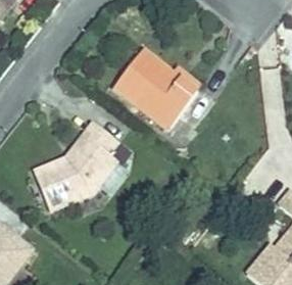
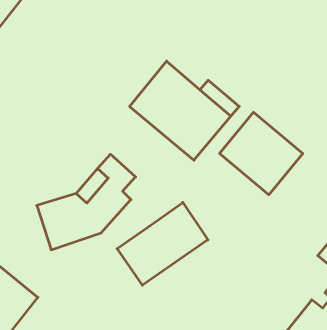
building: none -> [220,112,303,195]
building: none -> [117,202,208,285]

